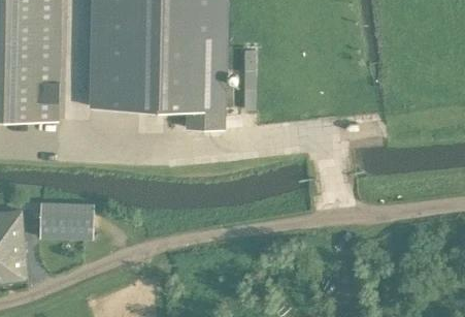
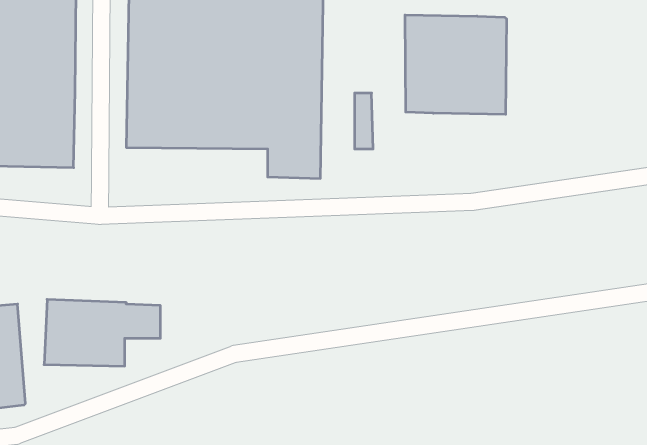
building: none -> [405,15,506,114]

